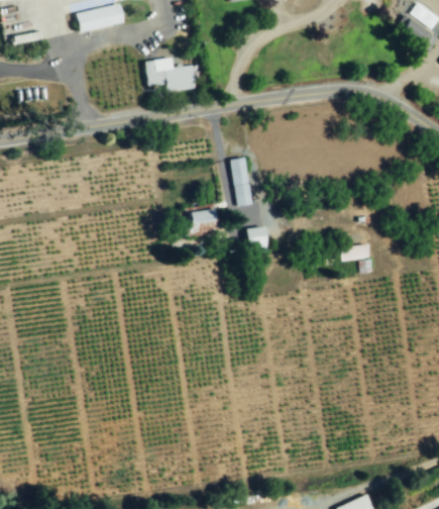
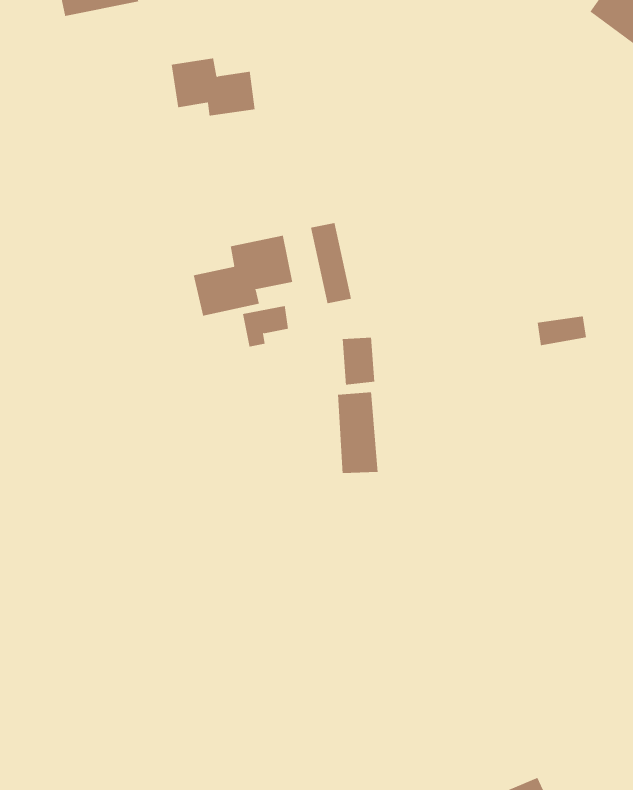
building: none -> [193,235,293,317]
building: [340,243,370,262] -> [537,316,587,346]
building: none -> [338,392,378,474]

